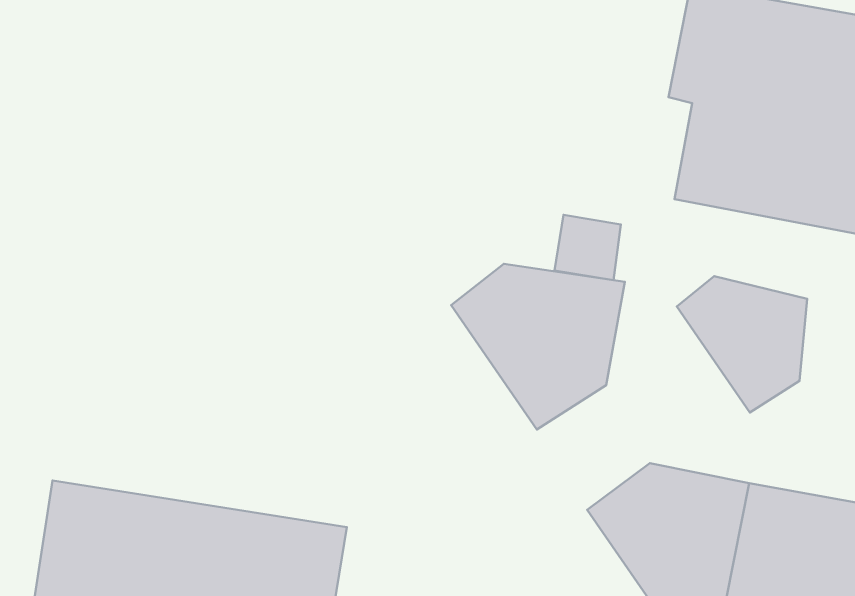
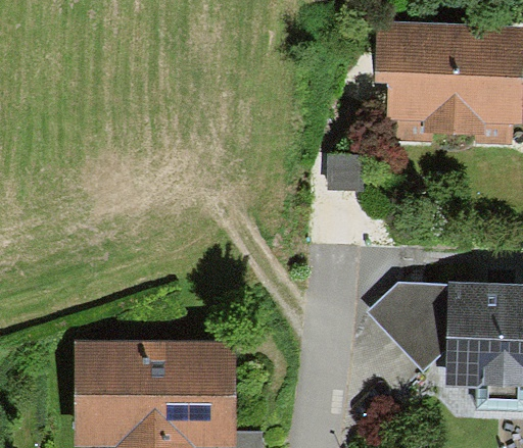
building: [451,264,625,430] -> none
building: [677,276,807,412] -> none

